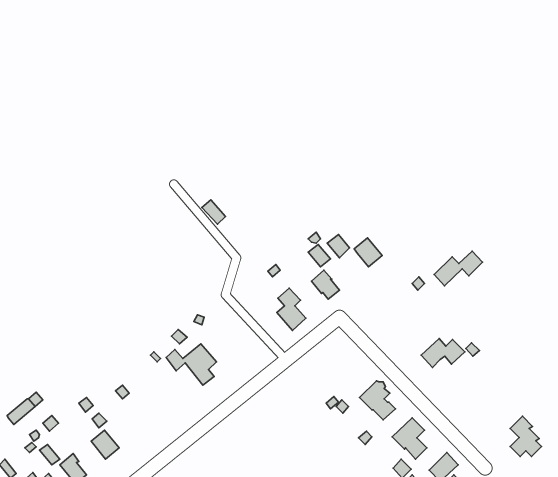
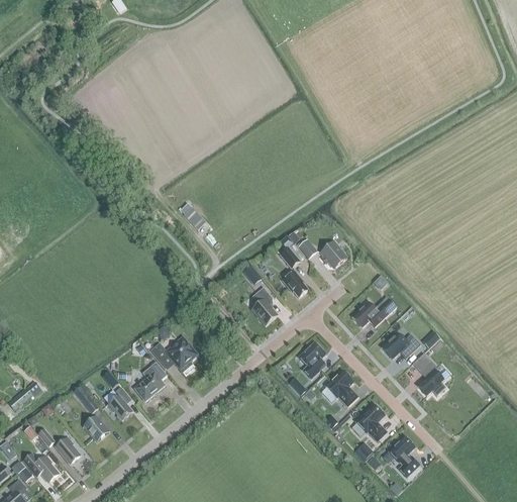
building: [434,251,482,286] -> [352,296,396,327]
building: none -> [298,341,325,379]
building: none -> [134,362,167,401]
building: none -> [107,387,132,420]
building: [510,416,541,457] -> [418,359,446,395]

